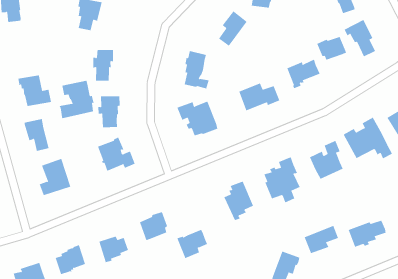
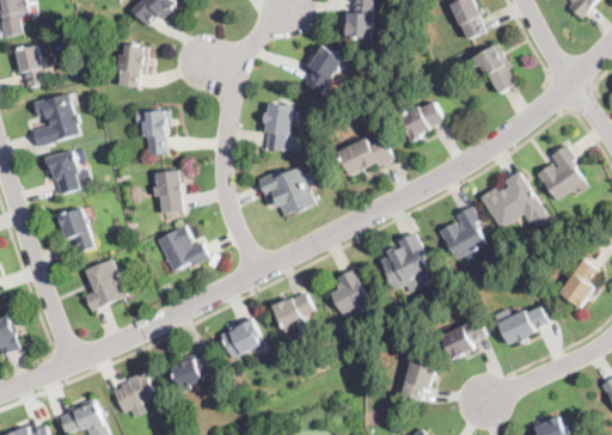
building: [316,36,347,61] -> none
building: [59,80,94,119] -> [32,93,79,147]
building: [176,229,208,259] -> [271,290,313,331]

